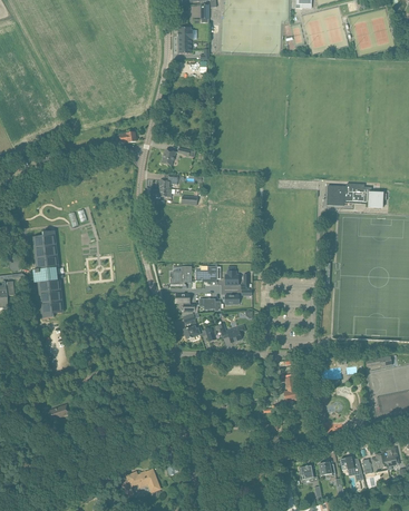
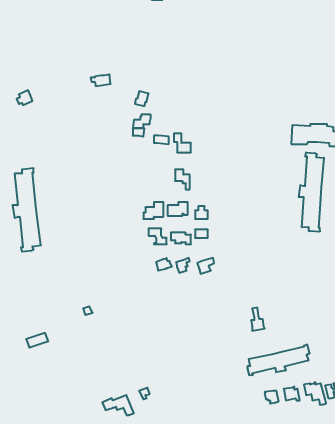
building: none -> [299,152,324,232]
building: none -> [248,344,309,375]

